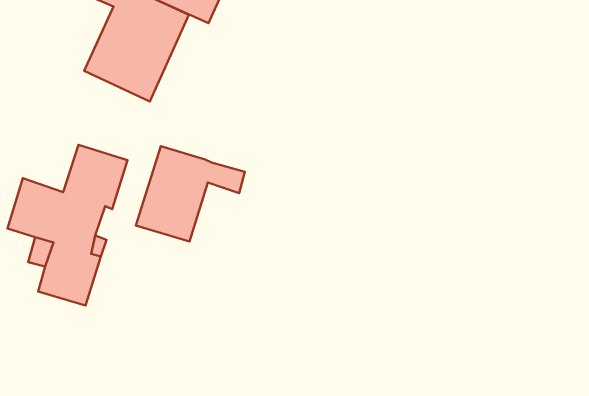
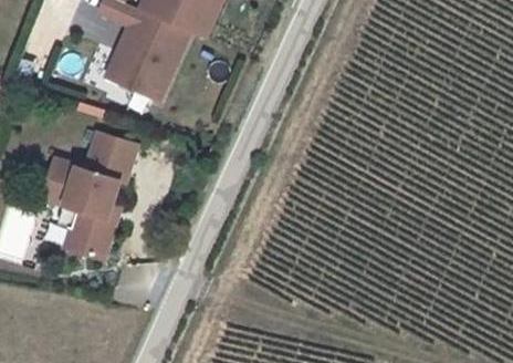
building: [136,146,245,242] -> none

